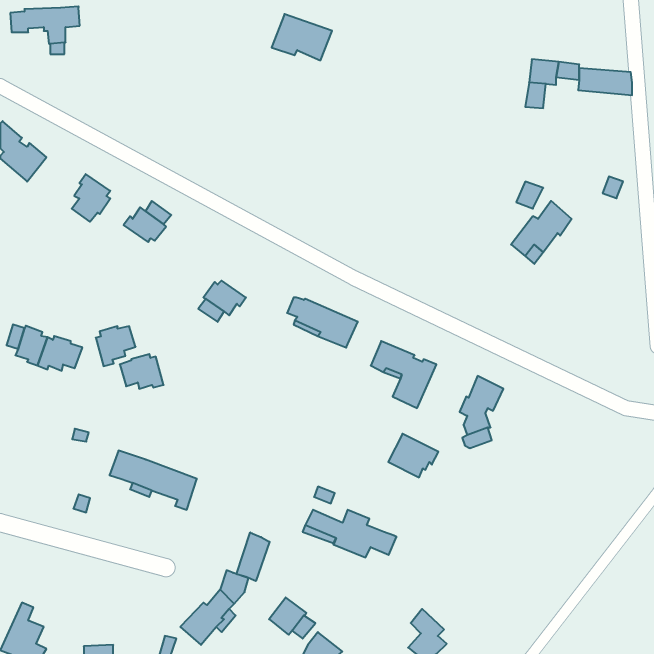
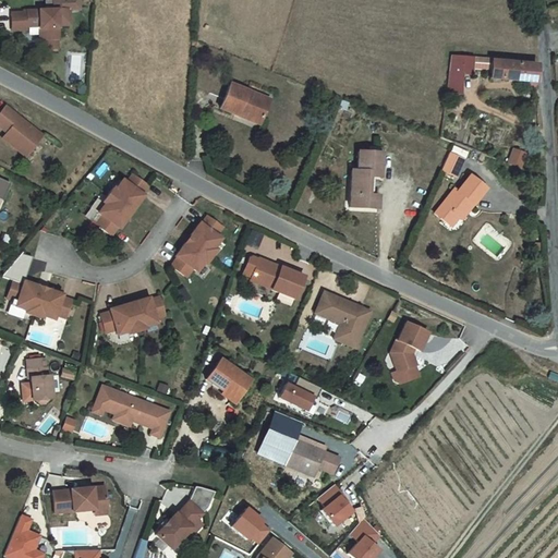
building: [272,14,332,60] -> [218,83,269,122]
building: none -> [353,150,385,213]
building: [72,174,110,222] -> [96,194,129,234]
building: none -> [191,215,222,255]
building: [96,326,136,366] -> [135,295,169,329]
building: none -> [28,359,56,403]
building: none -> [207,361,252,407]
building: [388,434,438,477] -> [278,372,320,409]
building: [237,532,270,581] -> none
building: none -> [51,484,106,511]
building: none -> [318,484,353,525]

